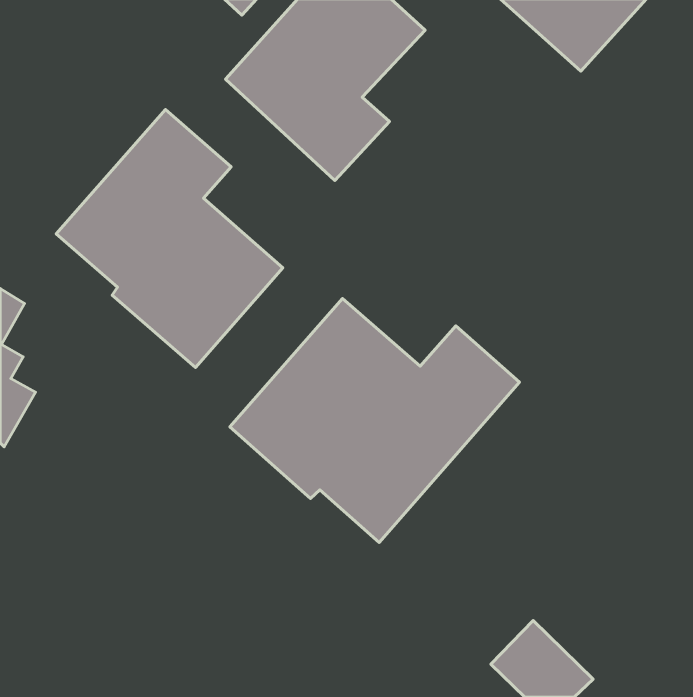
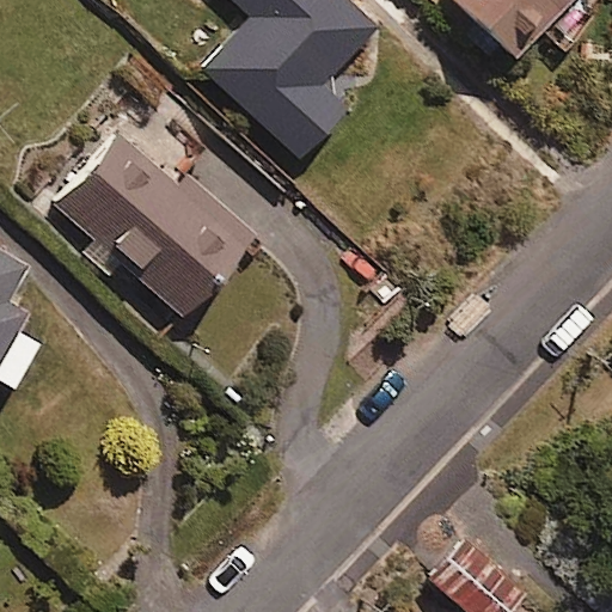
building: [230,298,520,543] -> none

